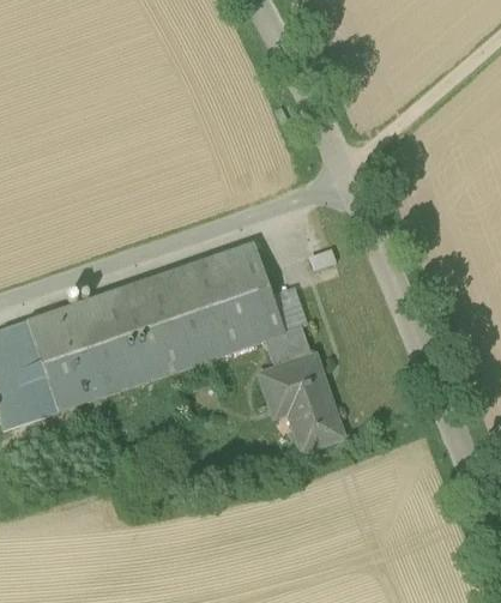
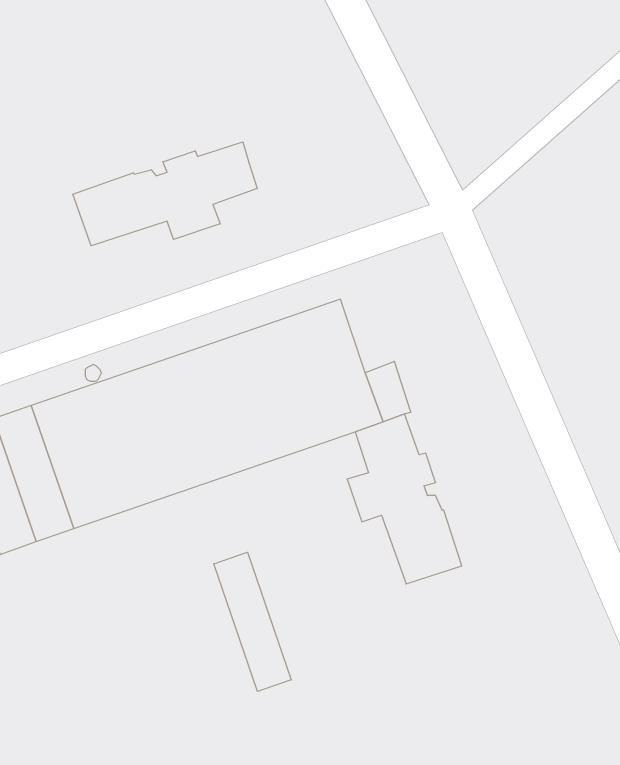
building: none -> [73,142,257,246]
building: none -> [214,552,291,691]

